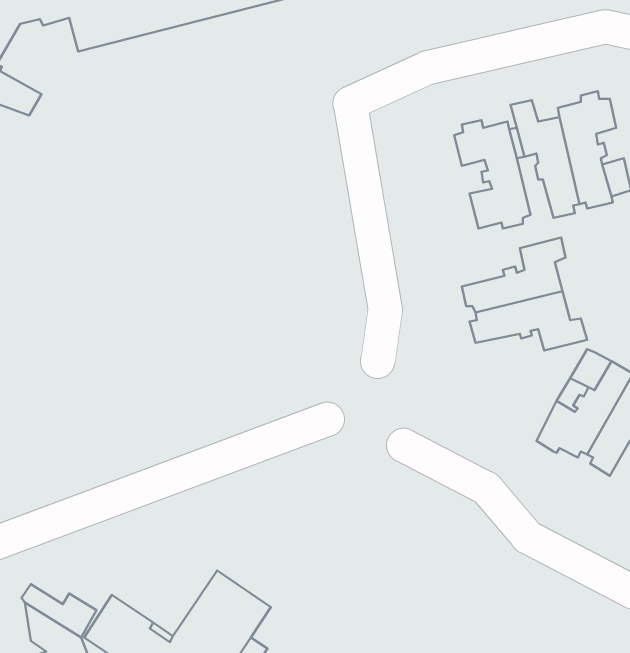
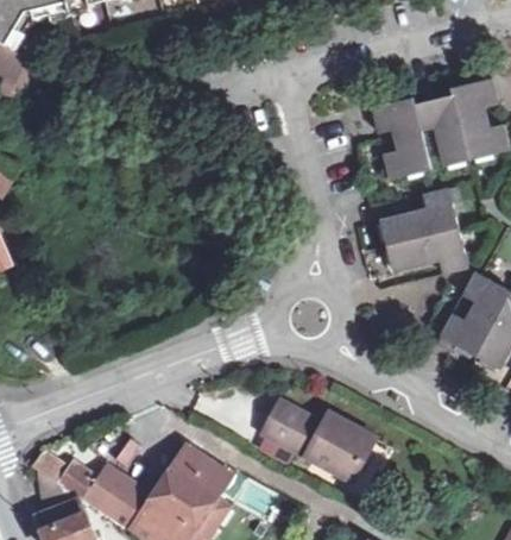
building: none -> [266,402,377,479]

